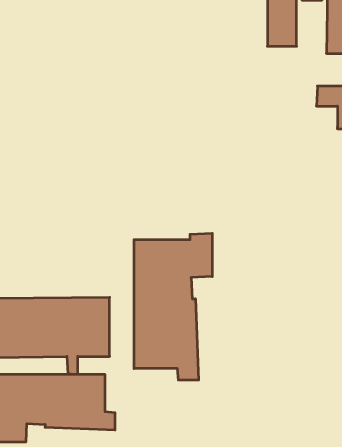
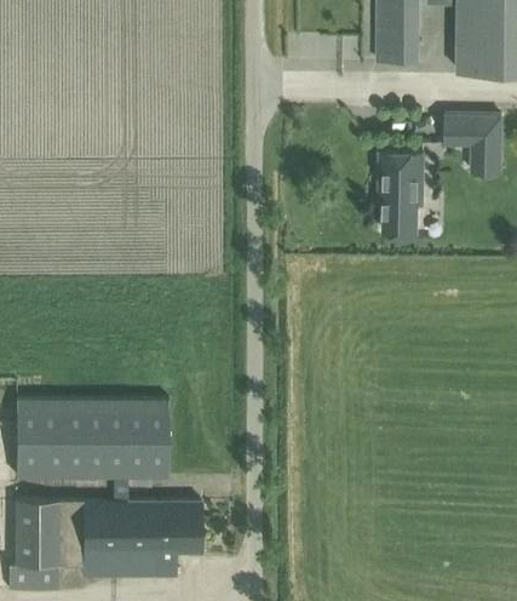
building: none -> [380,153,425,235]
building: [134,233,212,380] -> none
building: none -> [162,503,201,554]

